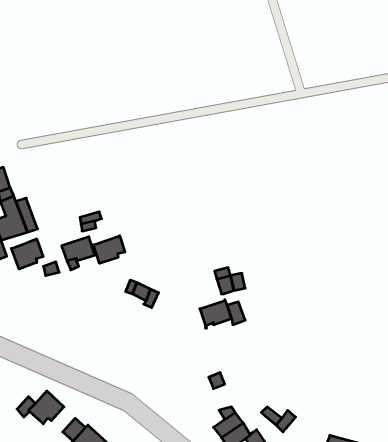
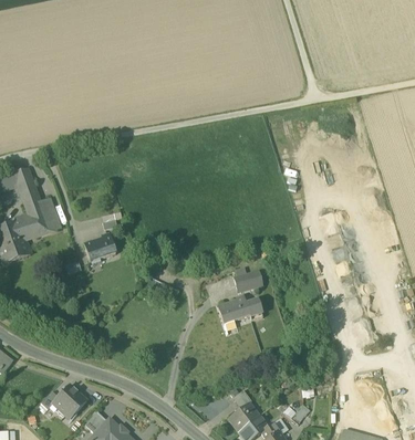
building: [93,236,125,263] -> none
building: [11,239,43,269] -> none

